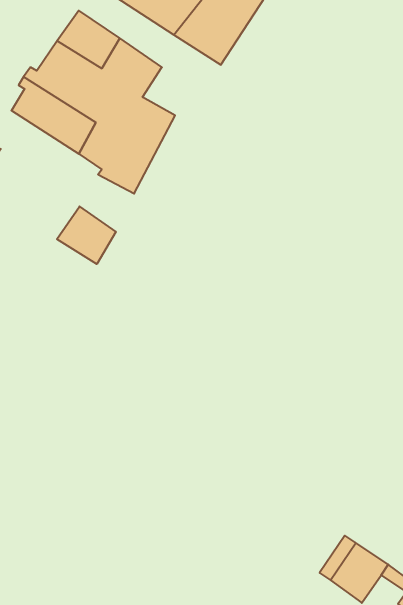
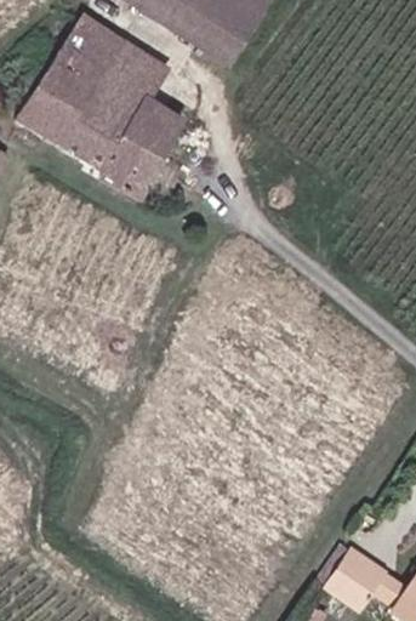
building: [57,206,116,264] -> none

